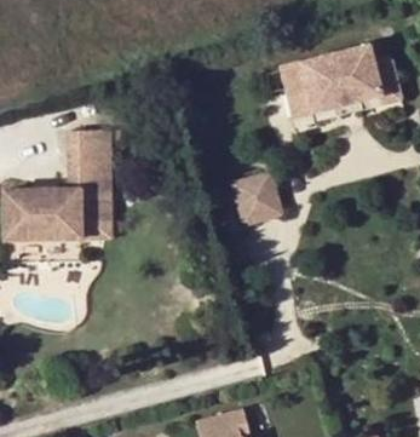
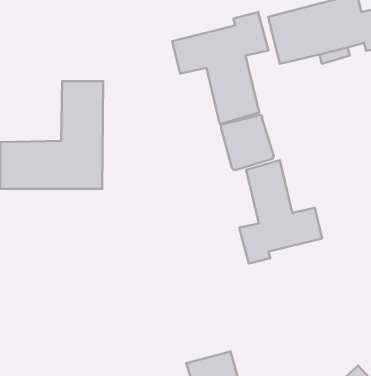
building: none -> [172,12,268,124]
building: none -> [239,160,322,264]

